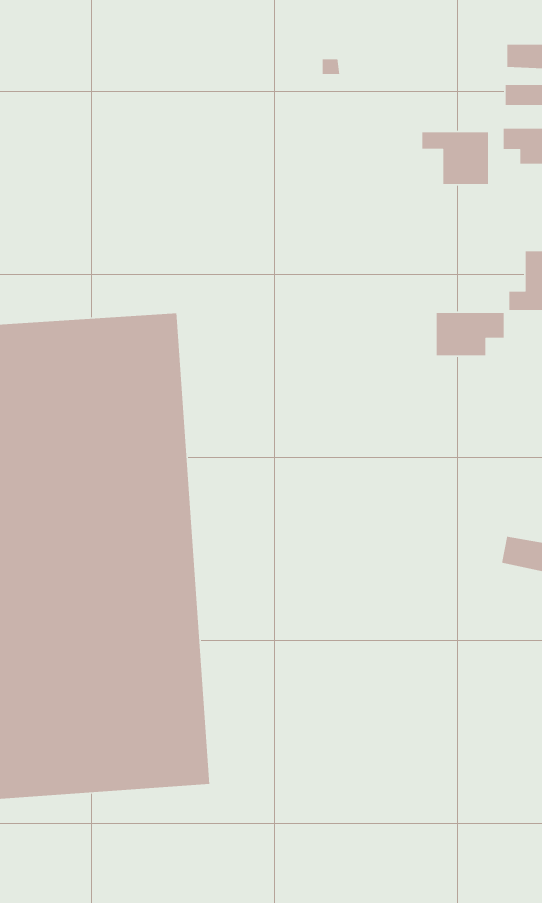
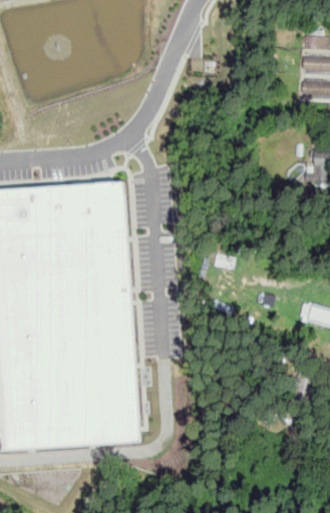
building: [421,132,489,185] -> none
building: [436,312,504,356] -> none

